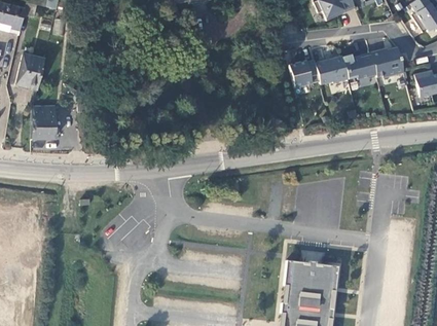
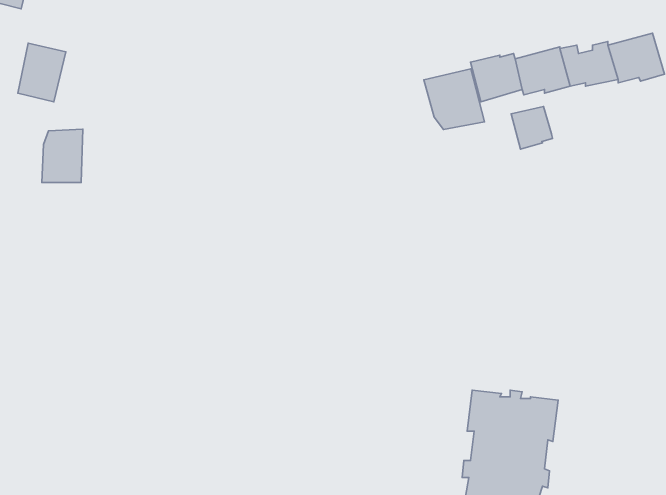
building: none -> [424,69,485,130]
building: none -> [511,107,552,149]

